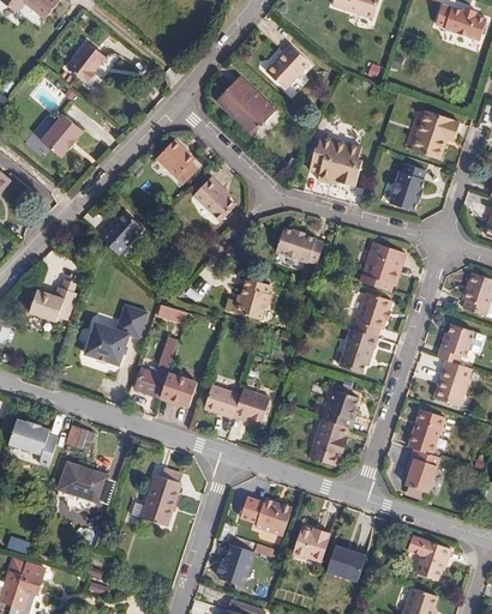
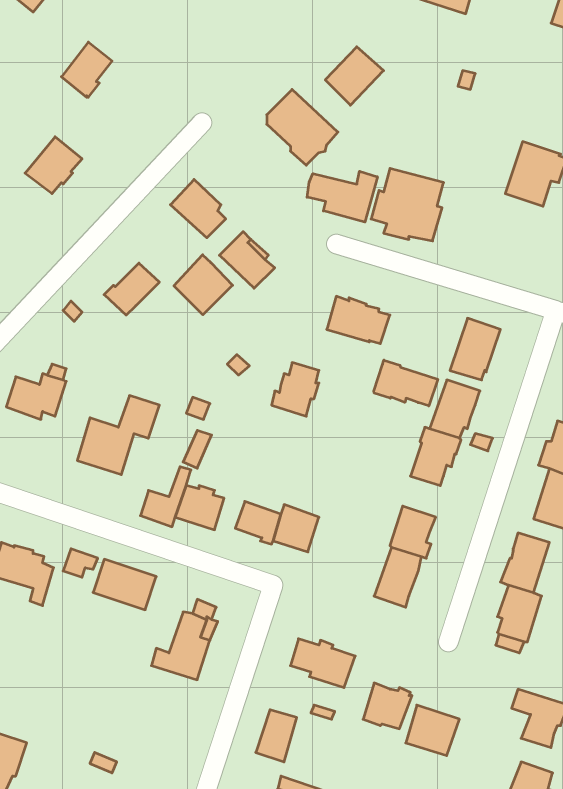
building: none -> [307,171,377,222]
building: [386,168,422,216] -> none
building: none -> [174,255,233,315]
building: none -> [374,360,438,406]
building: [65,460,113,499] -> [93,559,156,610]

